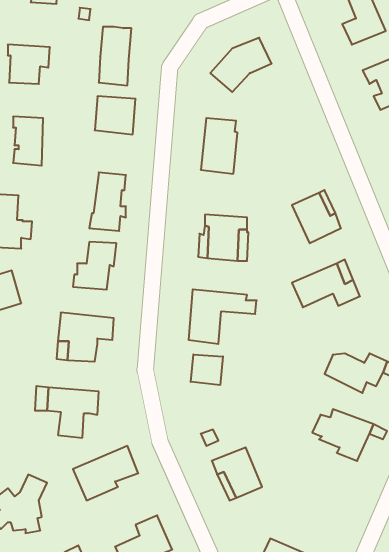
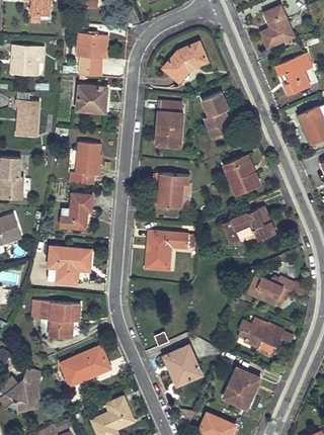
building: none -> [201,92,233,139]
building: [191,354,223,385] -> none
building: none -> [223,368,260,408]

